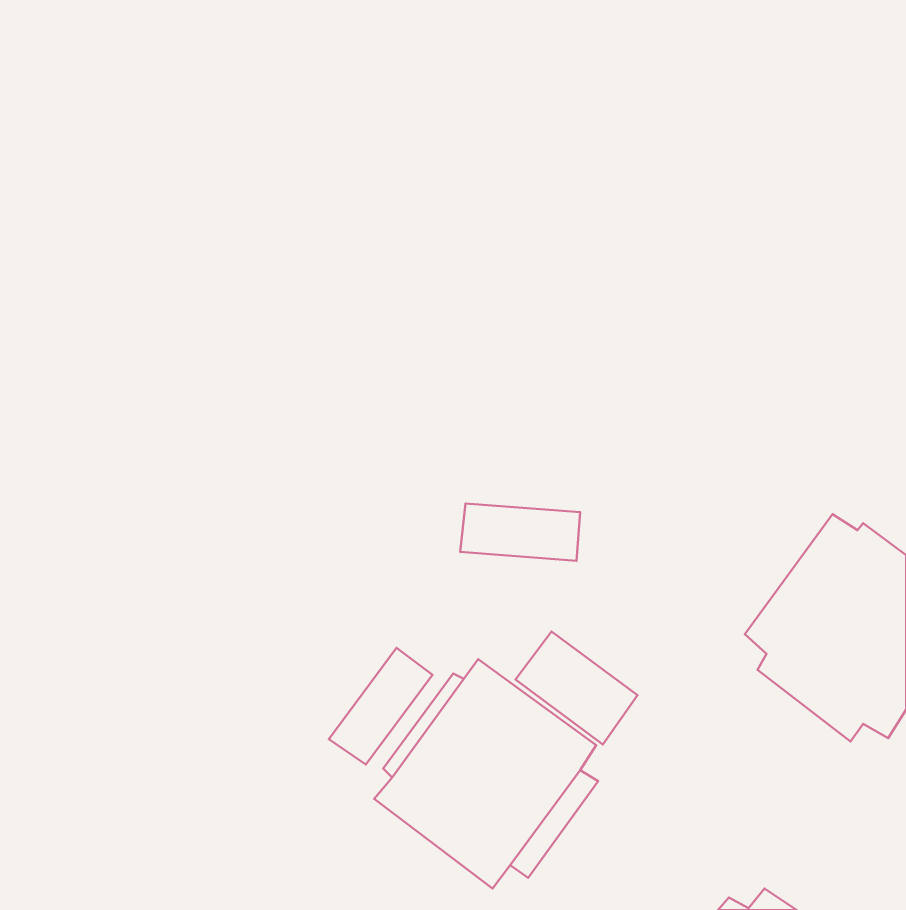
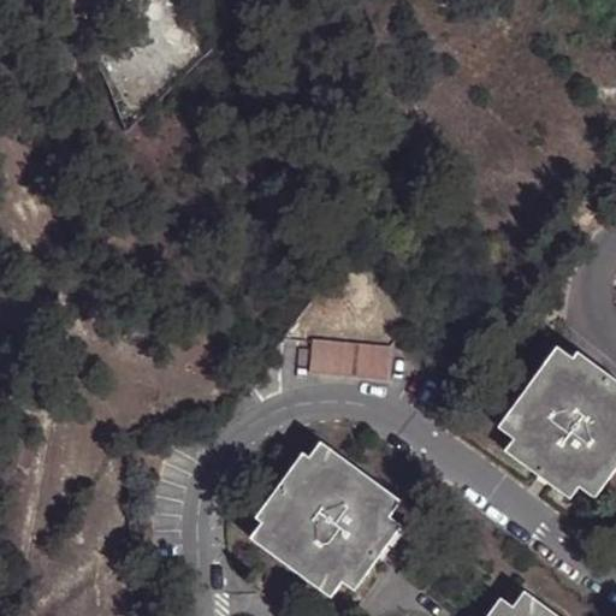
building: [516,631,638,744] -> none
building: [329,648,433,765] -> none

